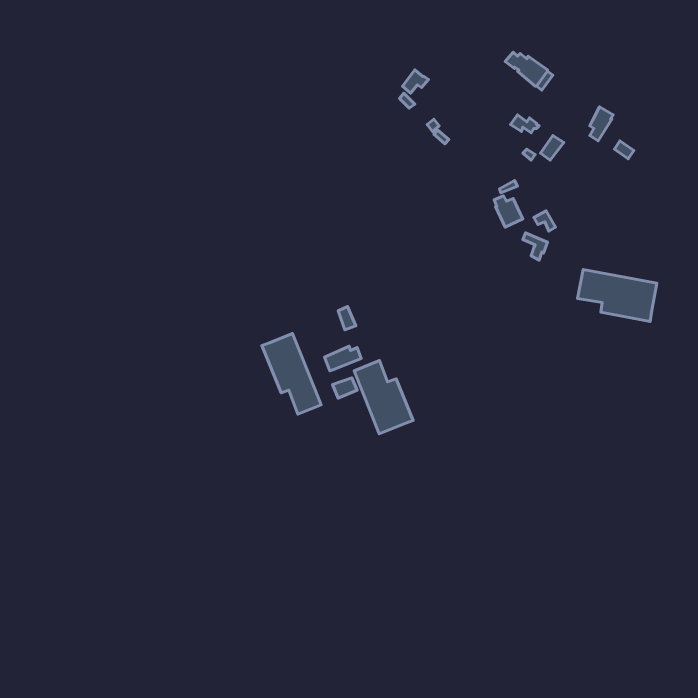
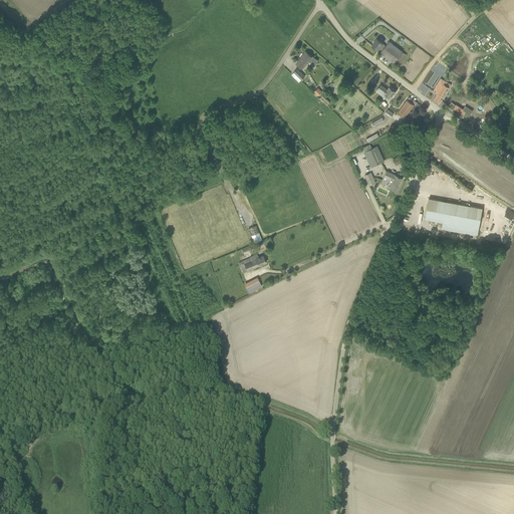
building: [262,333,321,414] -> none
building: [354,361,413,434] -> none

